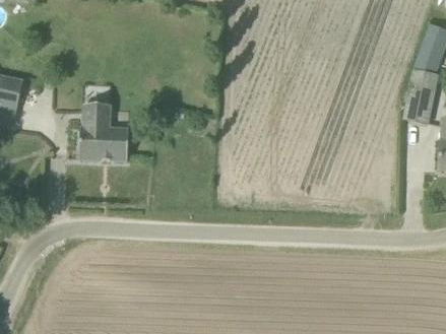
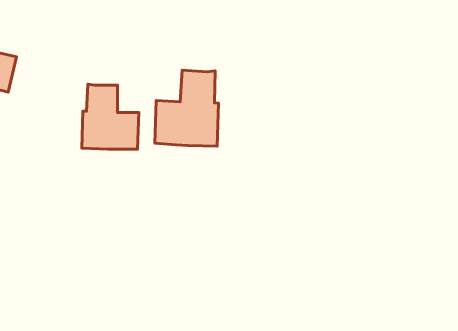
building: none -> [155,70,218,146]

